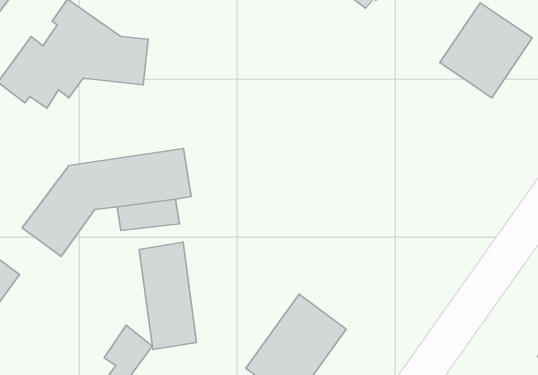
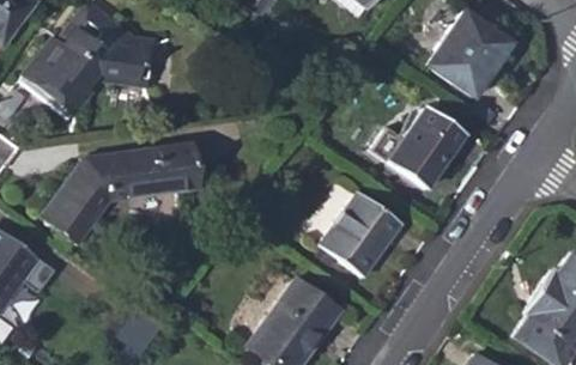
building: none -> [372,108,465,188]
building: none -> [321,193,404,278]
building: [139,242,196,350] -> none

